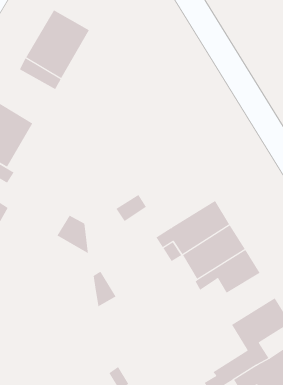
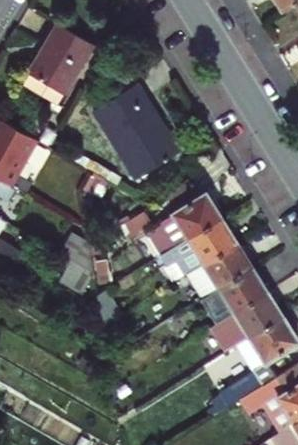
building: none -> [93,83,180,180]
building: none -> [162,193,222,246]
building: none -> [216,292,283,349]

